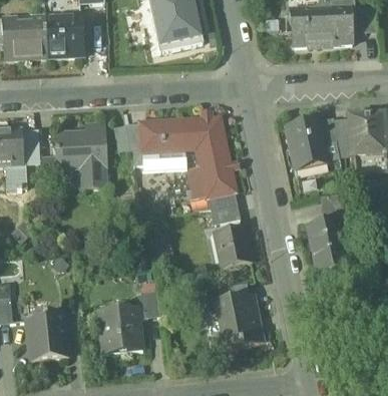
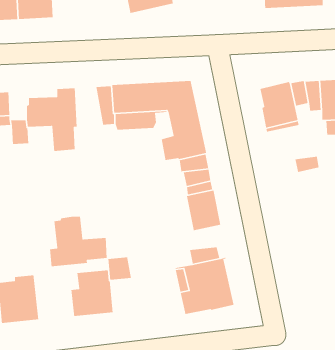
building: [307,217,348,272] -> none
building: none -> [49,216,108,267]

